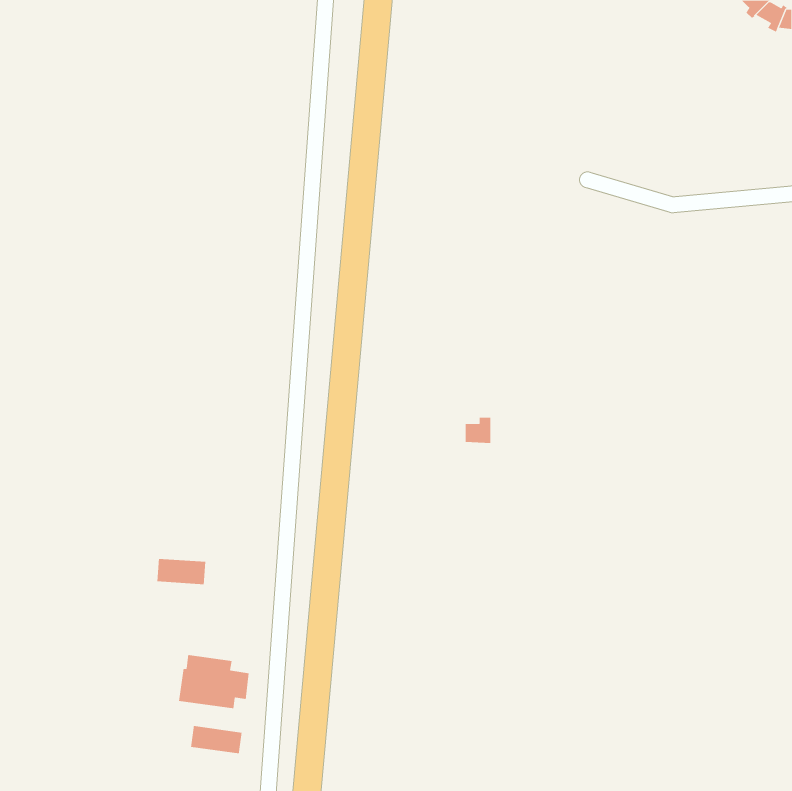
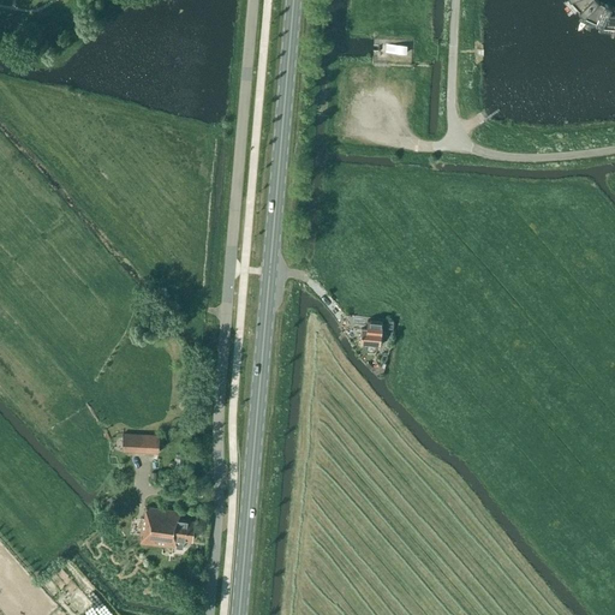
building: [190,725,242,754] -> none

